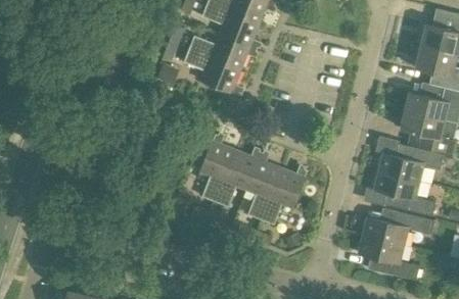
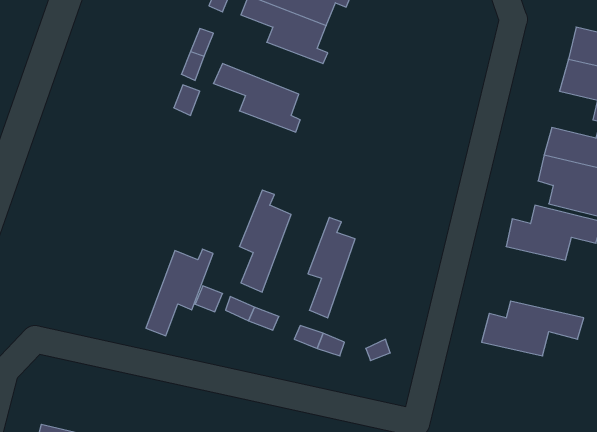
building: [189,35,257,69] -> none
building: [216,149,261,207] -> [146,249,213,336]
building: [260,166,307,225] -> none
building: [374,171,435,216] -> none
building: [359,236,419,281] -> none

